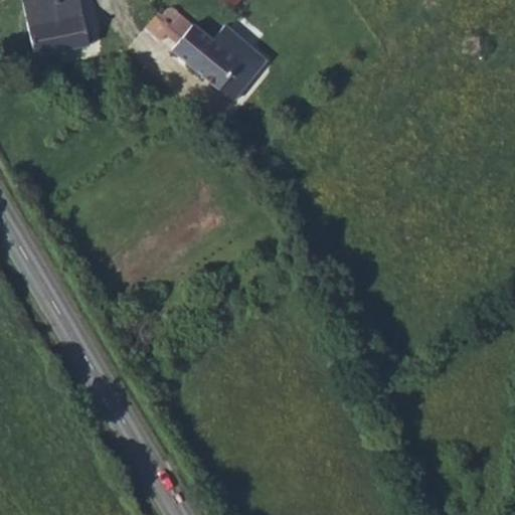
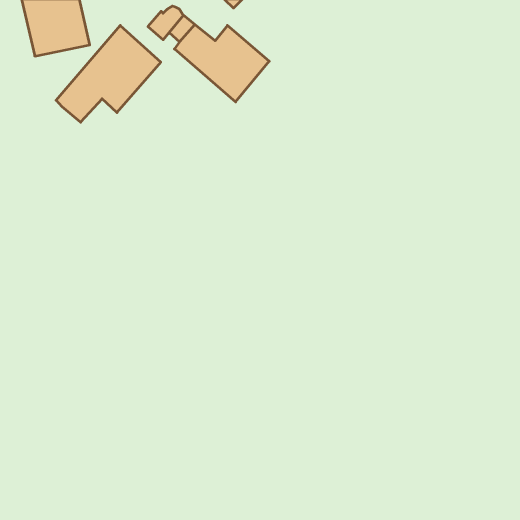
building: none -> [56,25,161,122]

